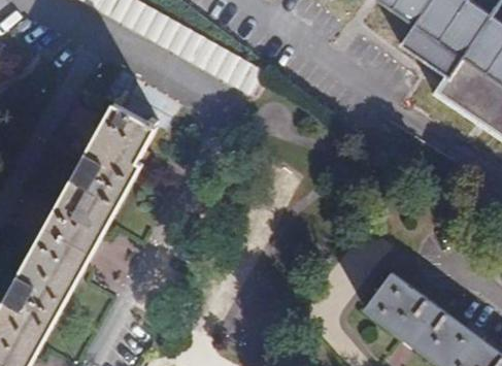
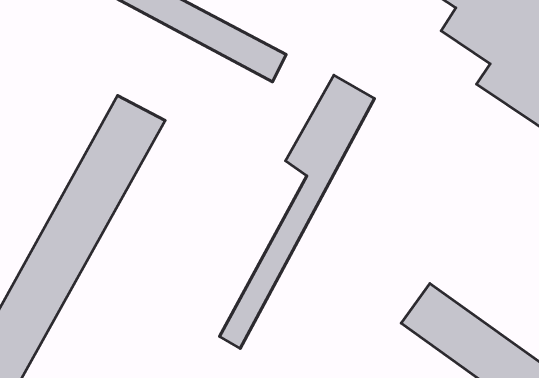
building: none -> [220,75,375,349]

